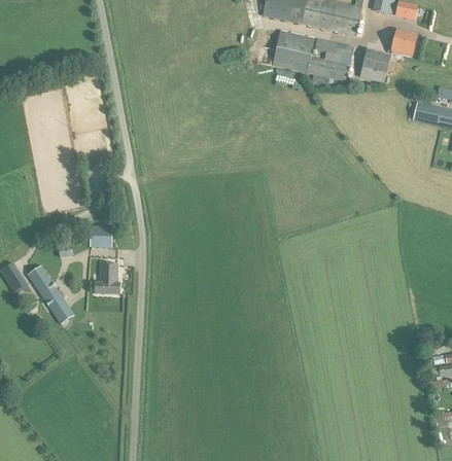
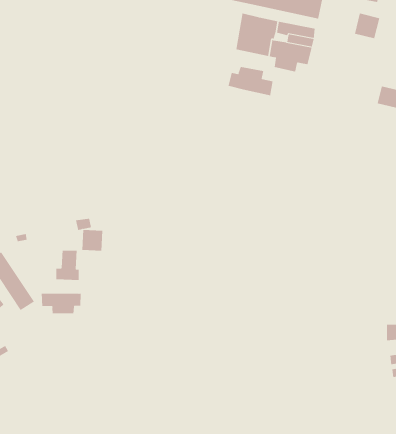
building: [359,47,390,82] -> none
building: none -> [228,66,273,96]
building: [90,225,111,247] -> [81,229,103,251]
building: none -> [41,293,81,314]

